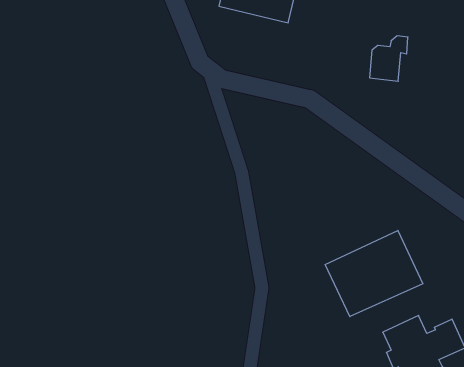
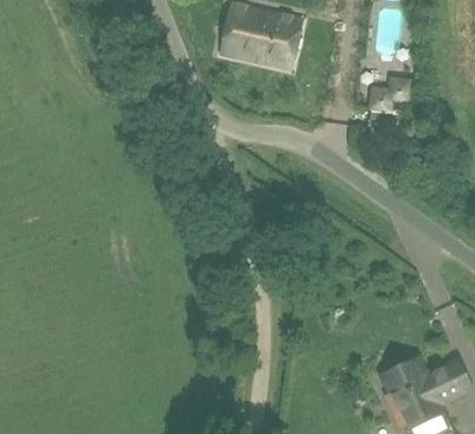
building: [325,230,423,317] -> none

